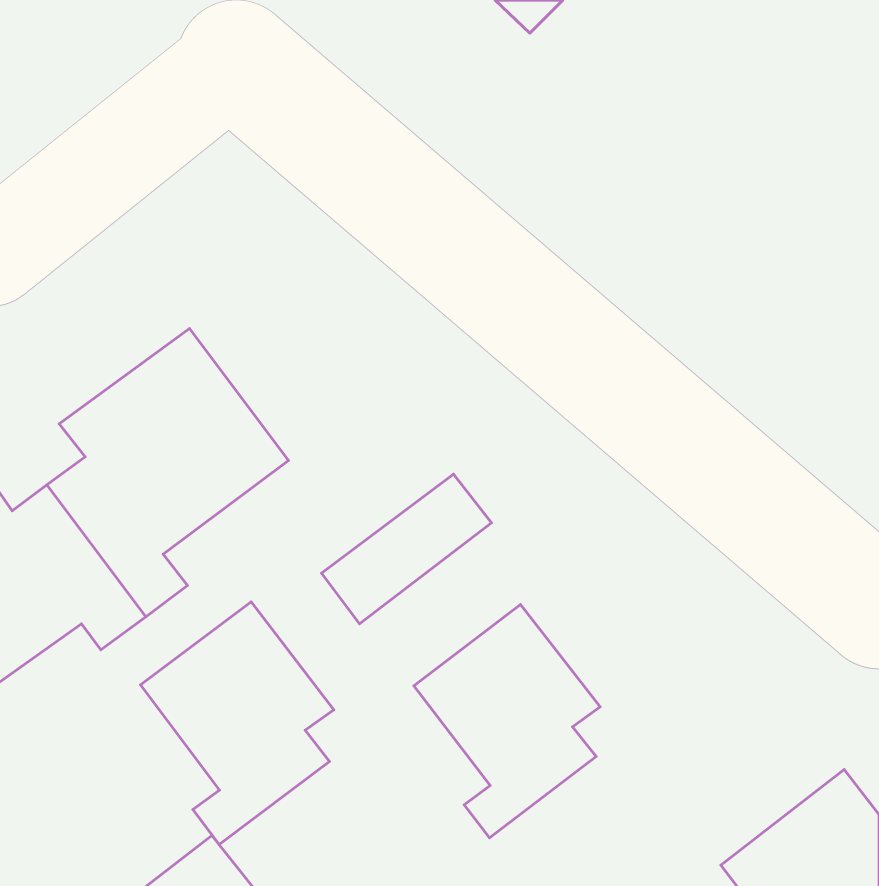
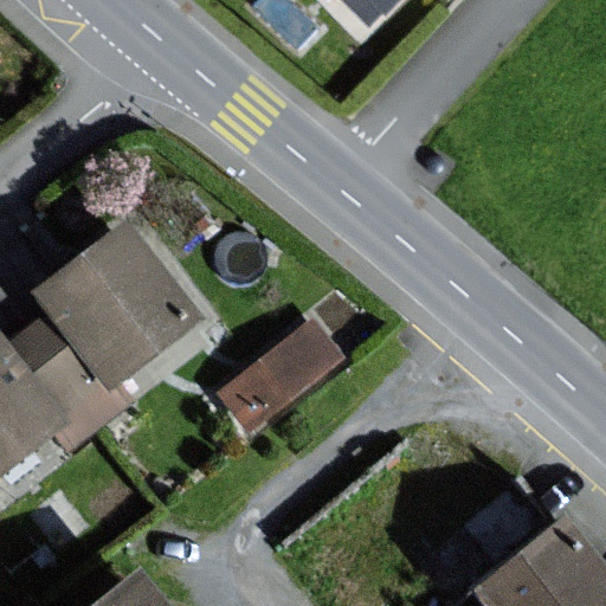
building: [141,602,334,845] -> none
building: [414,604,600,838] -> none

